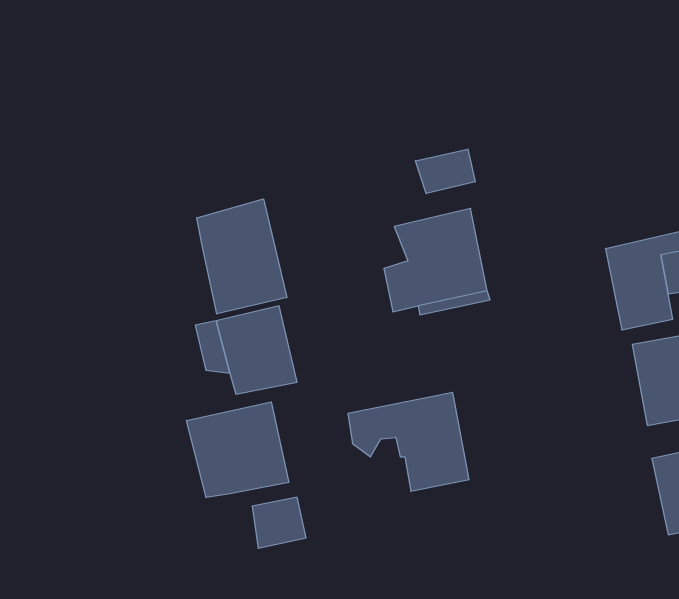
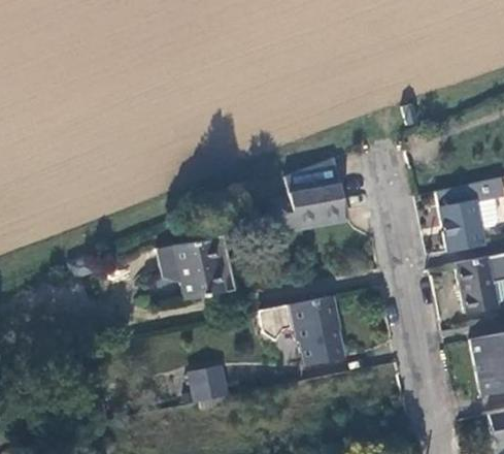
building: [415,149,475,194] -> none
building: [197,199,287,314] -> none
building: [186,402,289,498] -> none

